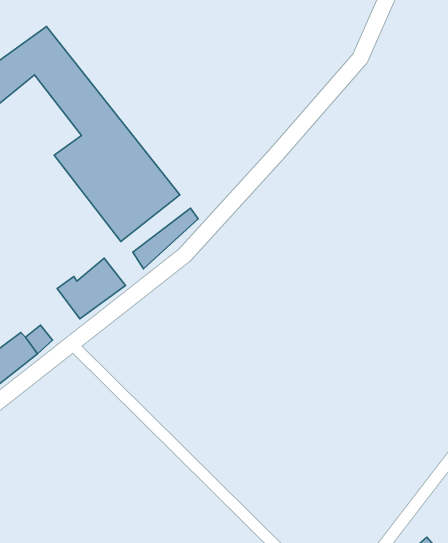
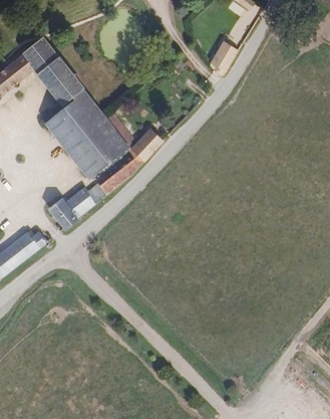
building: none -> [208,41,238,74]
building: none -> [135,128,163,158]

